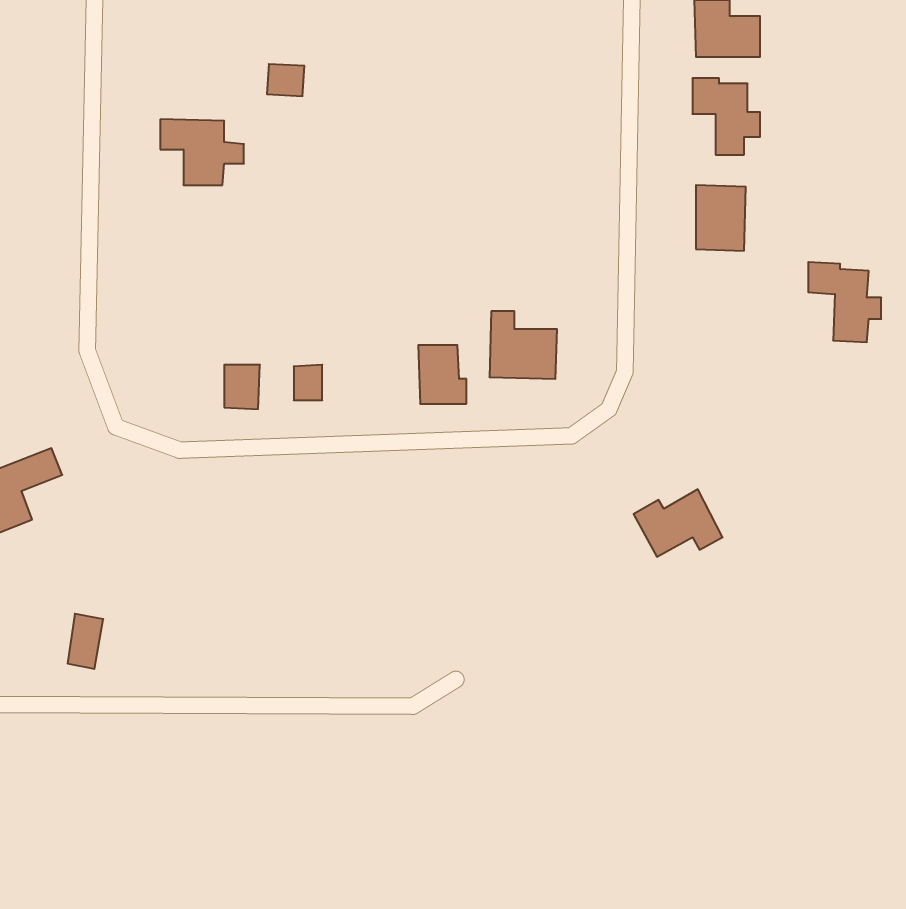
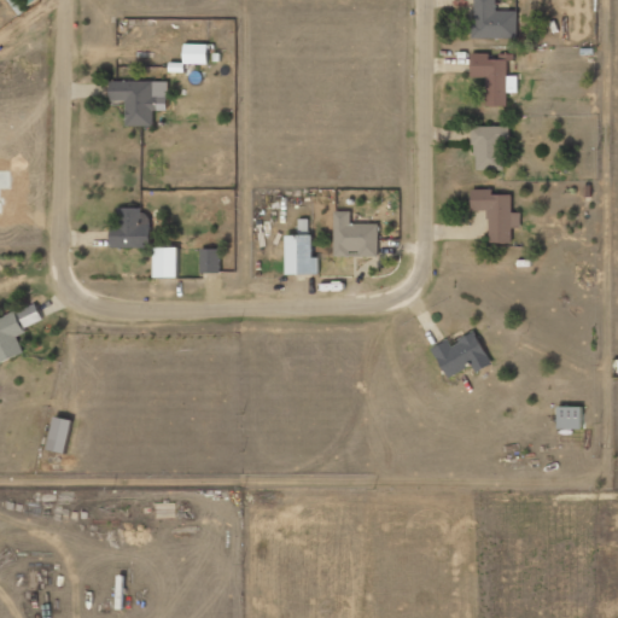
building: [808,262,881,342] -> [470,188,519,243]
building: none -> [109,208,147,247]
building: none -> [556,406,581,428]

